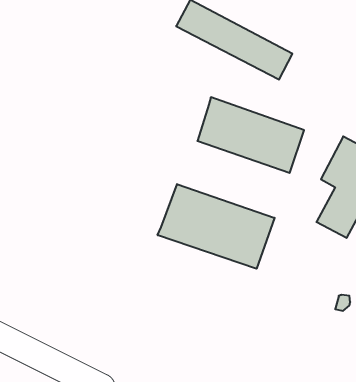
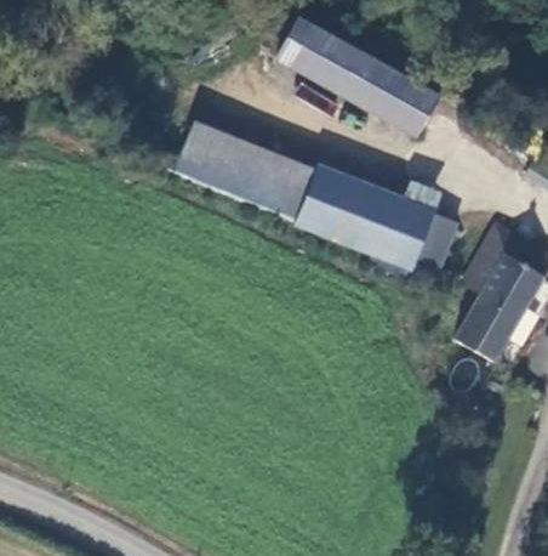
building: none -> [178,127,318,220]
building: [158,184,275,269] -> none

